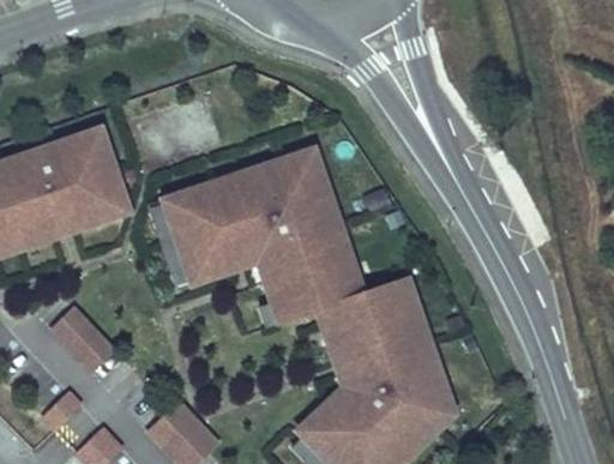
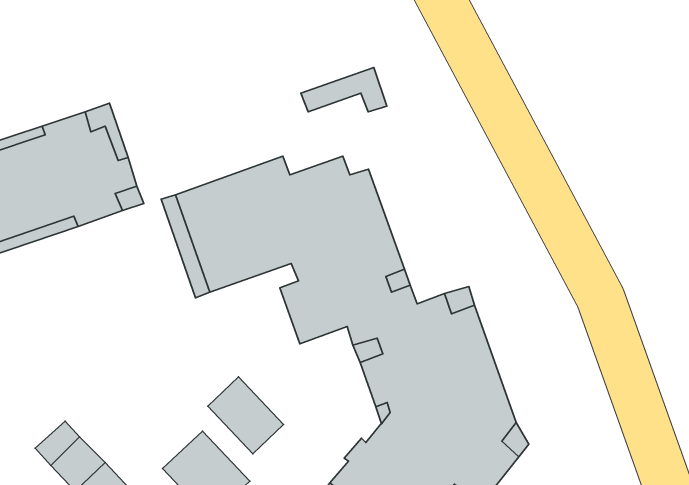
building: [251,149,323,186] -> [301,67,387,112]
building: [54,307,118,370] -> none
building: none -> [208,377,284,454]

